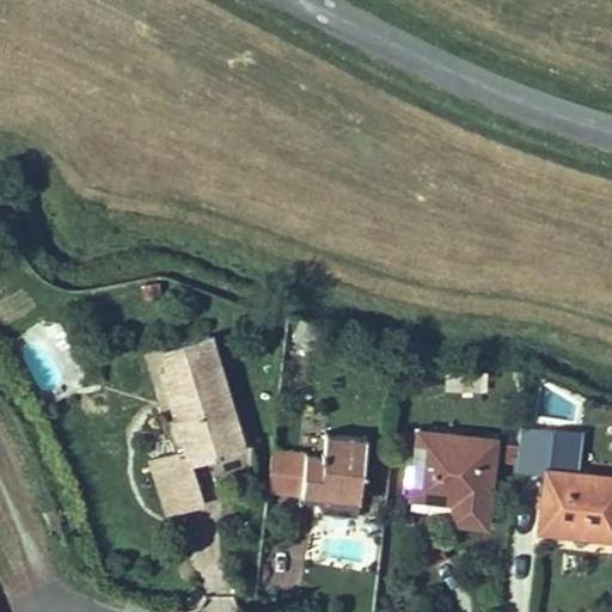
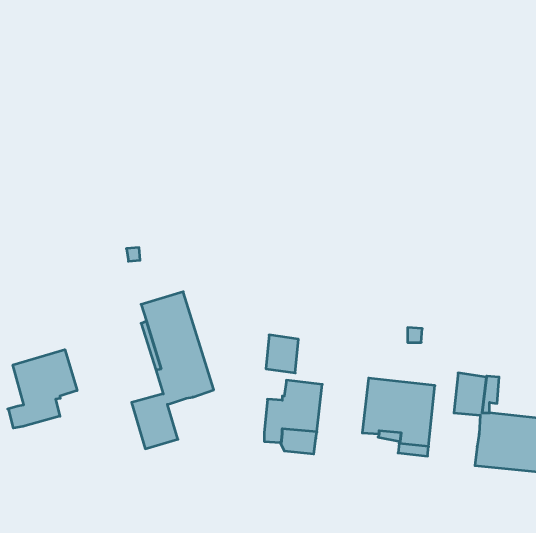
building: none -> [8,350,77,428]
building: [269,454,306,497] -> [266,335,298,373]

